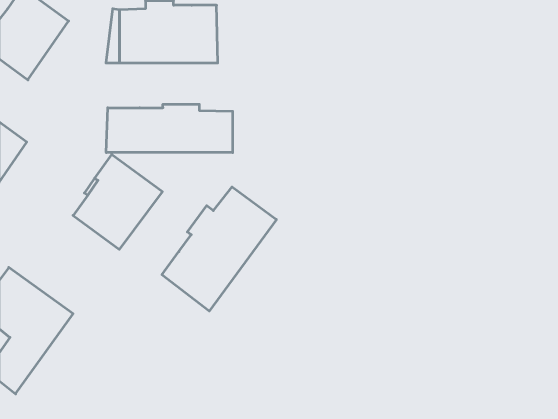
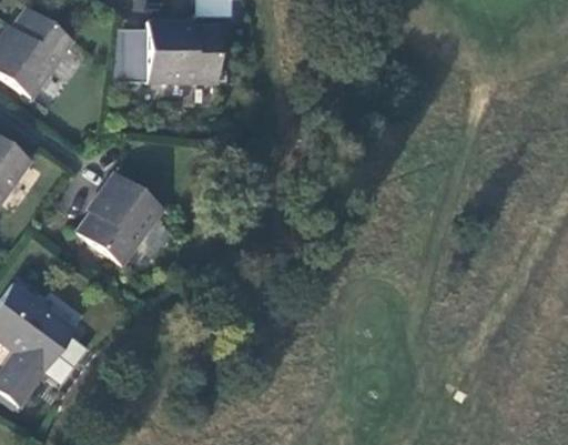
building: [106,104,233,153] -> none
building: [162,187,276,311] -> none

